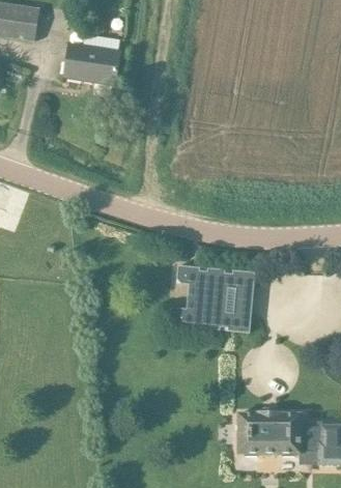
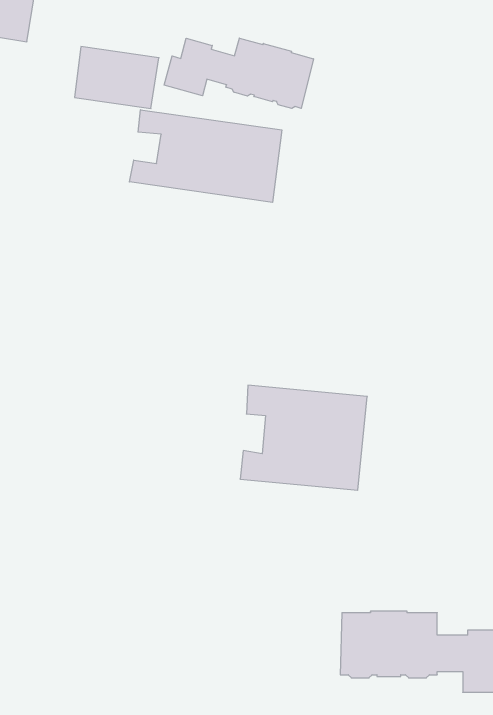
building: none -> [164,38,313,108]
building: none -> [129,110,282,202]

